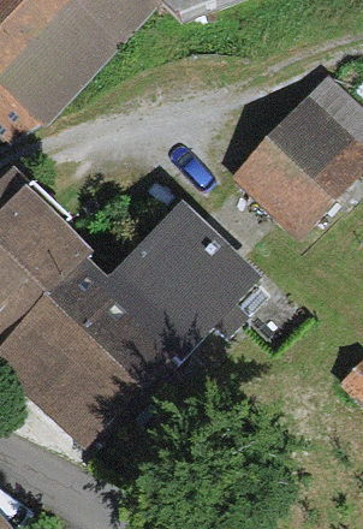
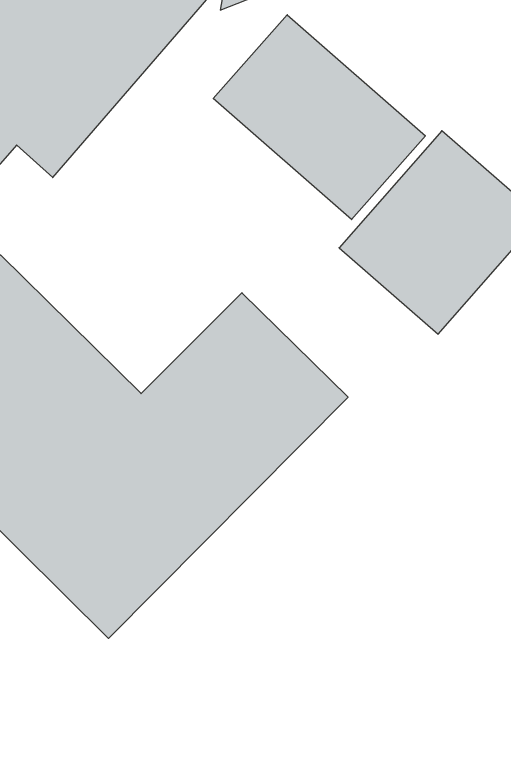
building: none -> [213,15,425,220]

